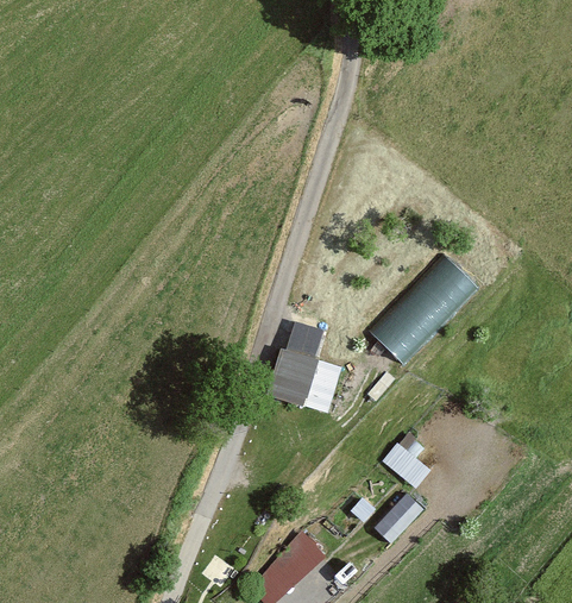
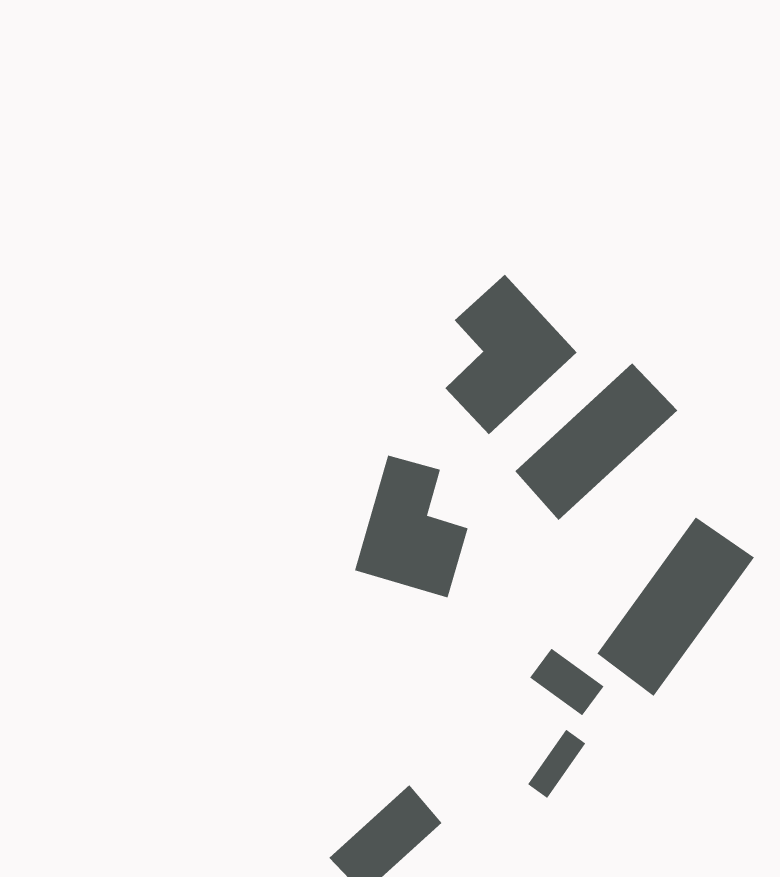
building: none -> [445,274,577,435]
building: none -> [597,516,755,697]

